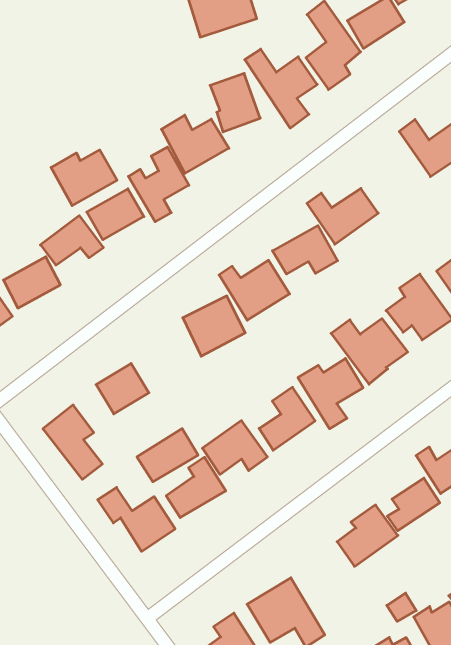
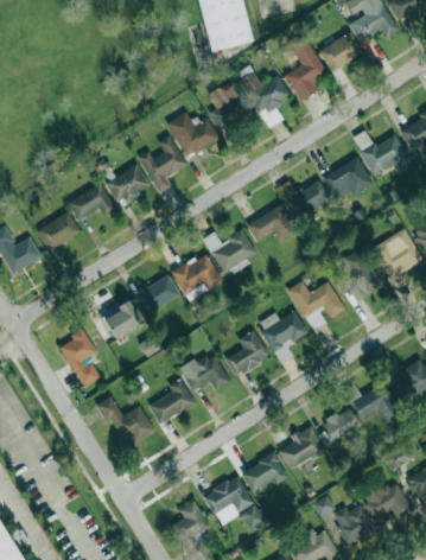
building: [51,150,117,206] -> none
building: none -> [323,157,373,202]
building: [137,429,198,482] -> [133,275,180,314]
building: none -> [241,453,286,492]

